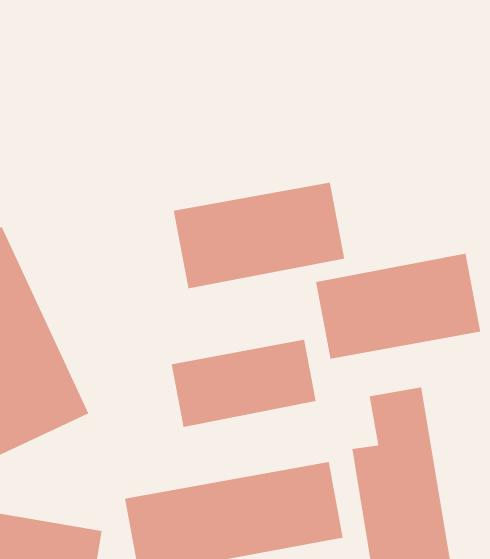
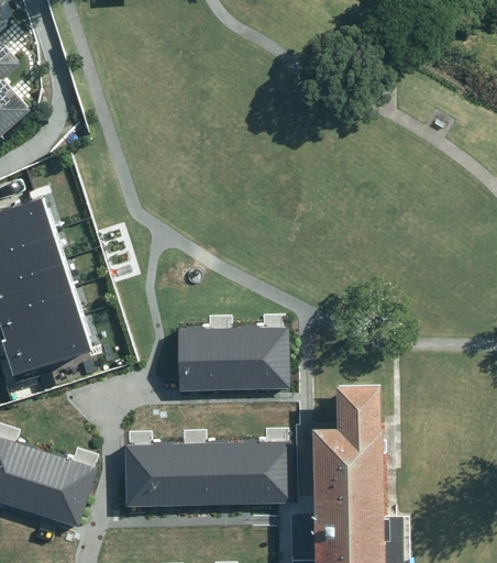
building: [173,182,345,289] -> none
building: [315,253,481,359] -> none

